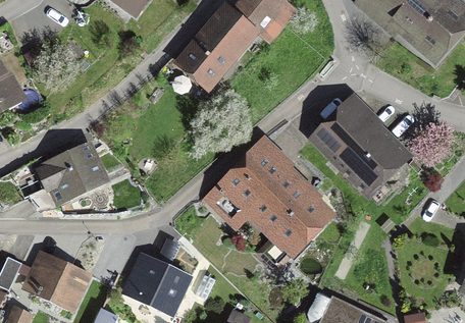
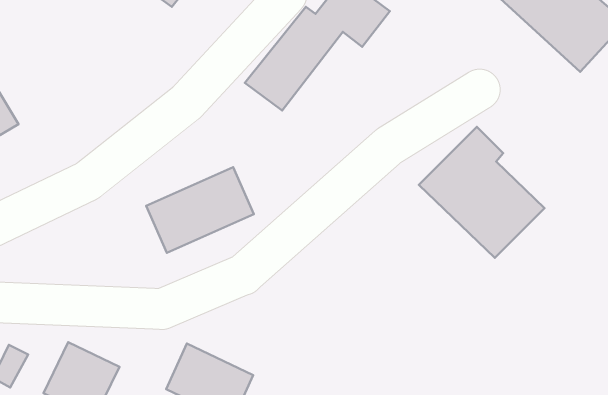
building: [23,147,103,210] -> [146,167,254,253]
building: [212,148,331,252] -> none

